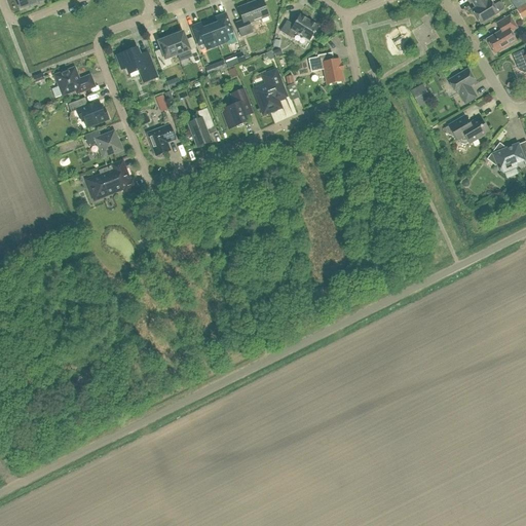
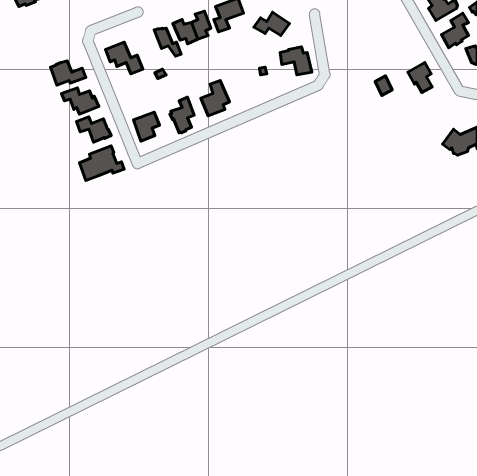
building: [155,33,178,67] -> none
building: [256,69,286,112] -> none
building: [448,114,489,144] -> none

